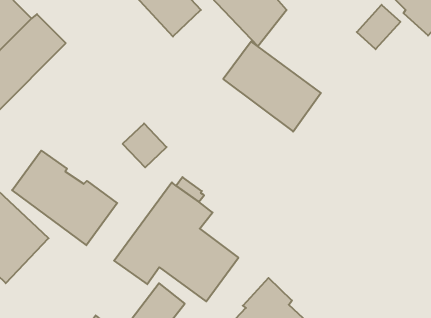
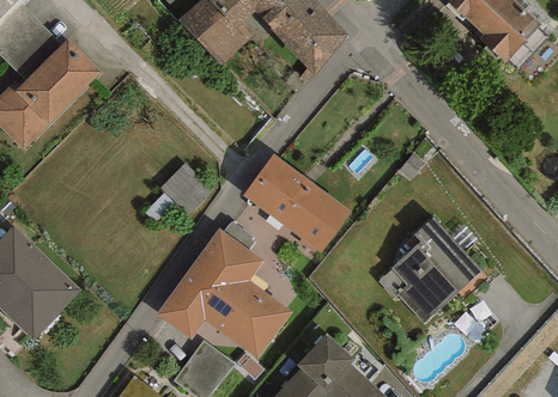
building: [357,5,400,49] -> none
building: [223,41,321,132] -> [241,153,350,254]
building: [12,151,117,245] -> none
building: none -> [390,219,479,322]

